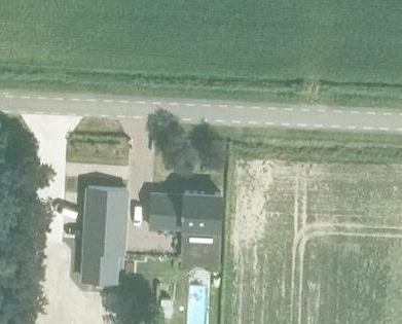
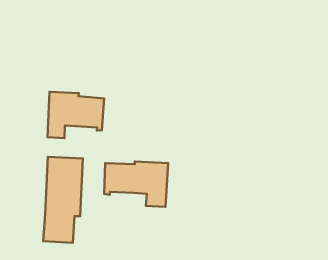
building: none -> [47,92,104,138]

